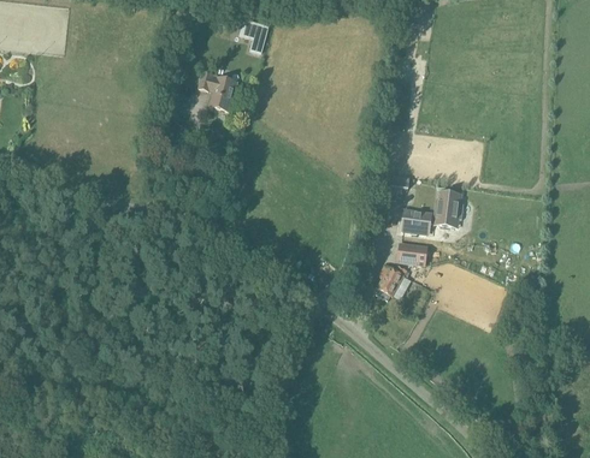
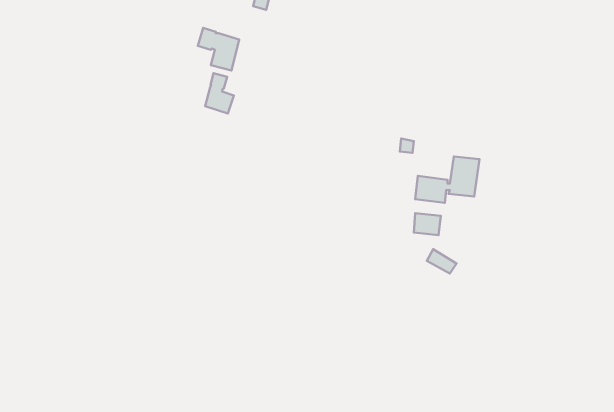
building: none -> [205,73,234,114]
building: [377,264,407,299] -> none

